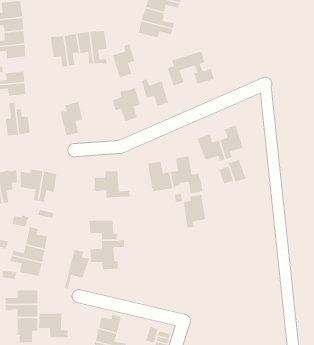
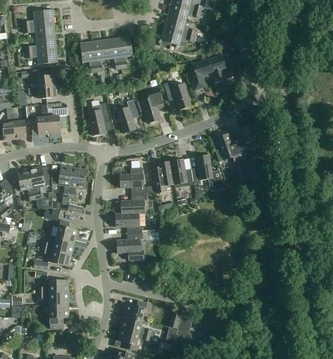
building: [112,43,135,79] -> [116,100,138,133]
building: [183,194,206,228] -> [152,161,174,193]
building: none -> [120,193,146,214]
building: [64,249,90,289] -> none
building: [38,313,69,338] -> none

